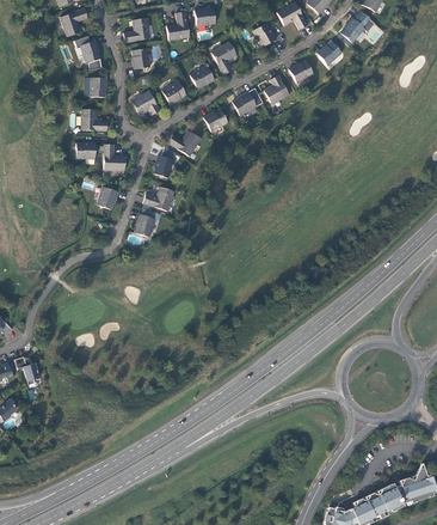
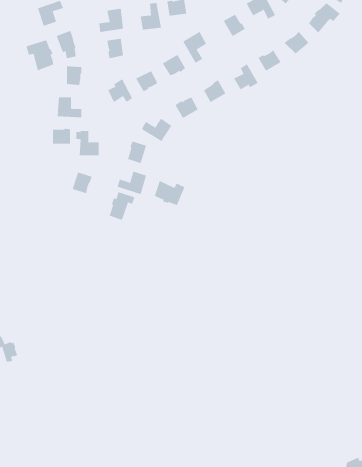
building: none -> [26,40,54,71]
building: none -> [154,180,185,206]

